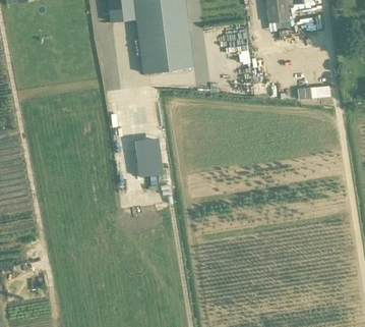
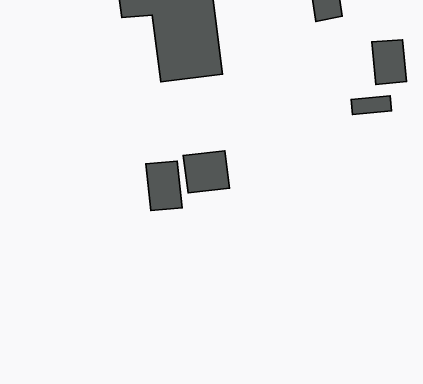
building: none -> [372,40,406,84]
building: none -> [183,151,230,193]

